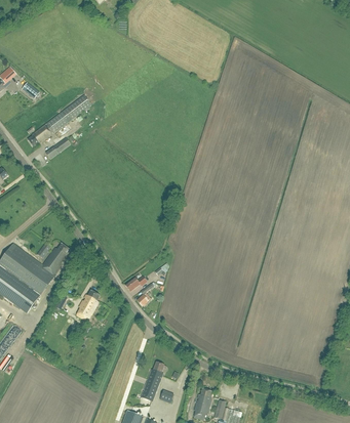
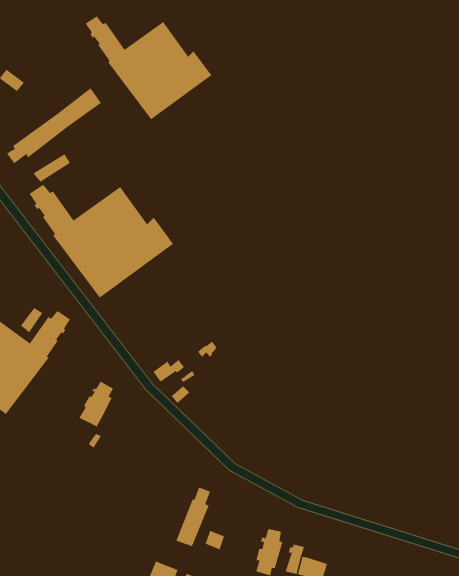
building: none -> [85,15,212,120]
building: none -> [29,184,174,298]

